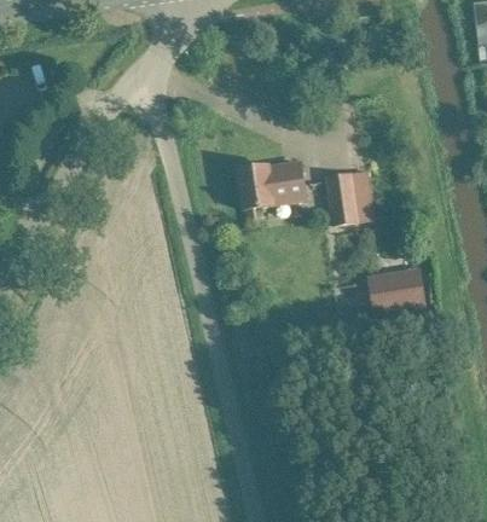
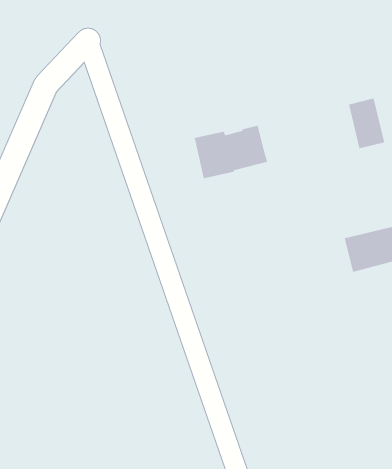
building: [327,176,359,224] -> [348,98,385,149]

